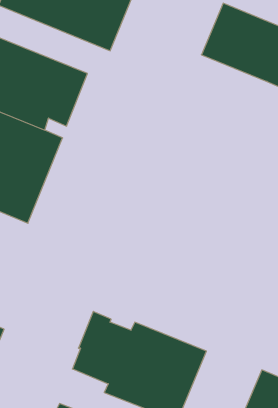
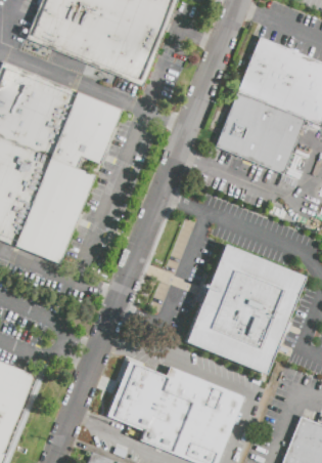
building: none -> [216,90,306,173]
building: none -> [185,244,305,375]

